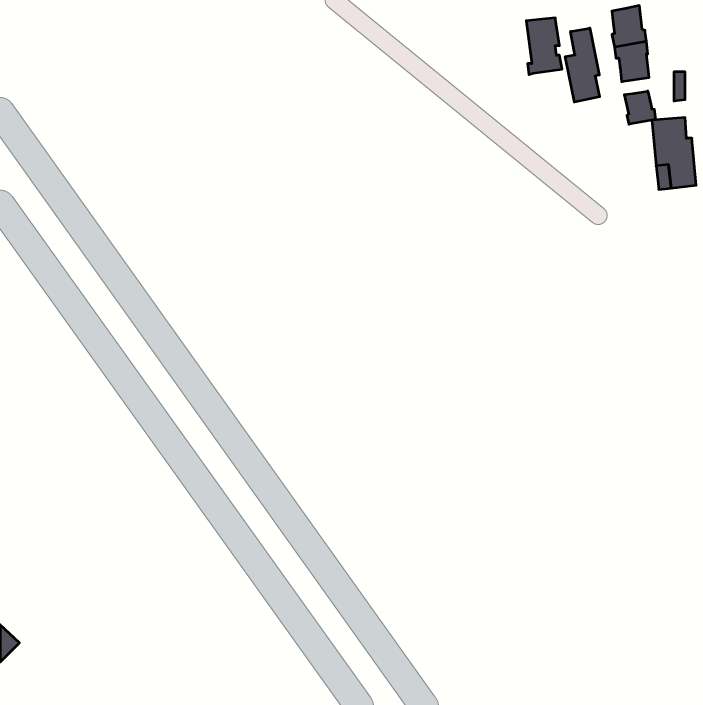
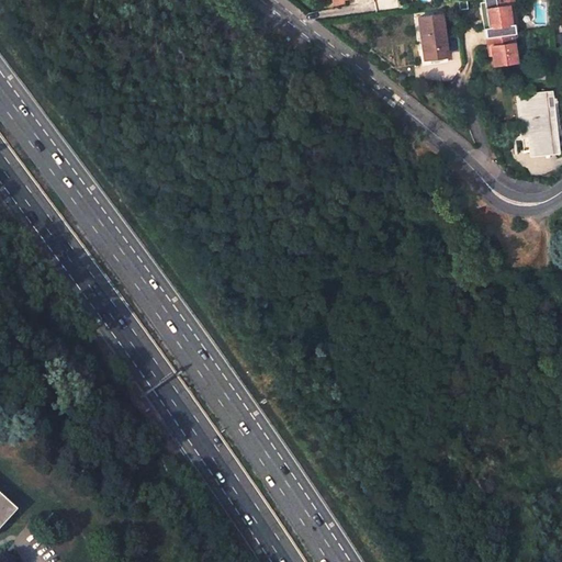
building: [565,28,600,102] -> none
building: [624,91,656,124] -> none

